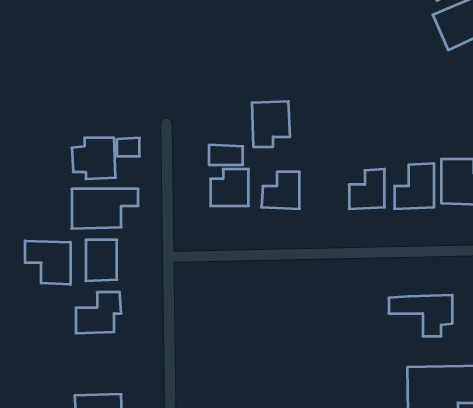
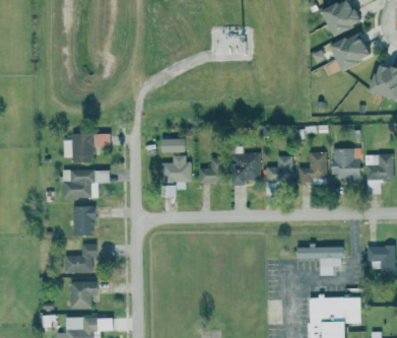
building: [252,101,290,147] -> [239,152,266,185]
building: [25,241,70,285] -> none
building: none -> [75,281,102,309]

